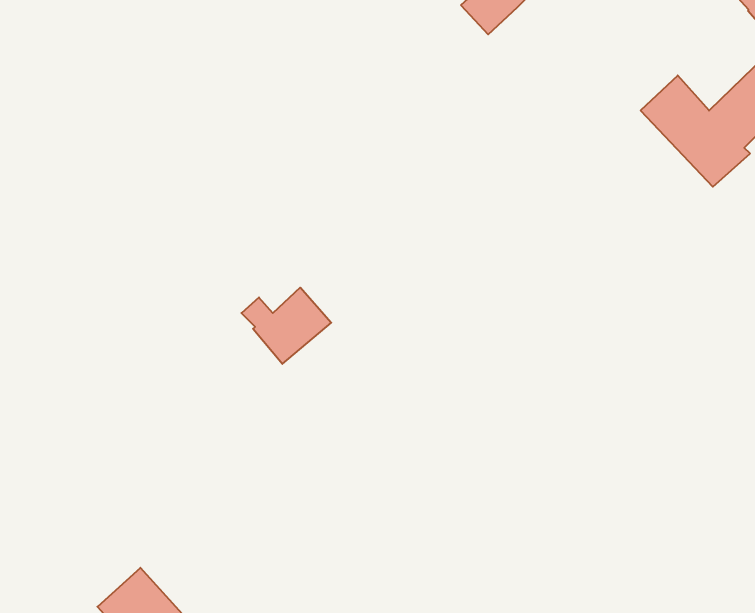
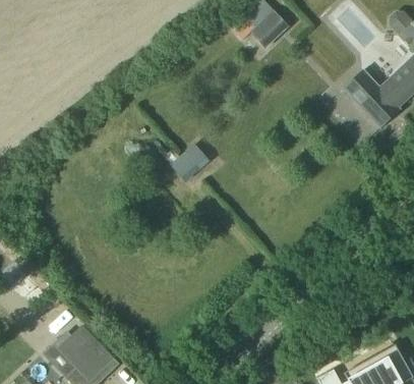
building: [241,288,331,364] -> [164,142,211,181]

